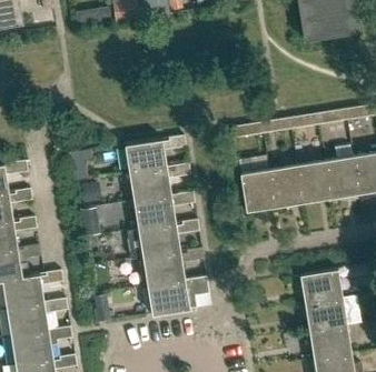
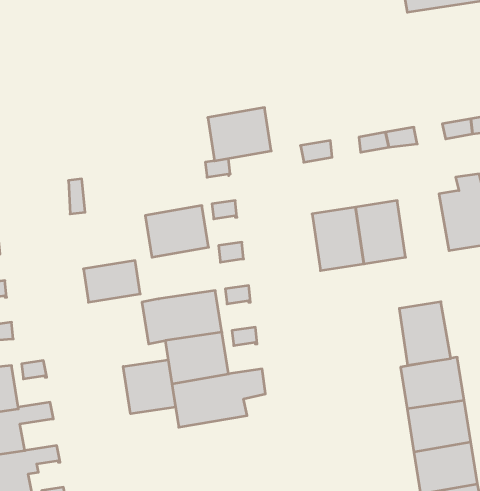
building: [125,140,167,175] -> [208,108,271,161]
building: [297,161,332,203] -> [399,302,451,365]
building: [133,197,176,231] -> none
building: none -> [123,360,175,414]

